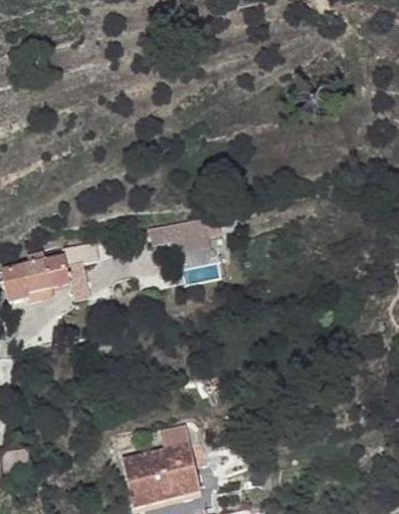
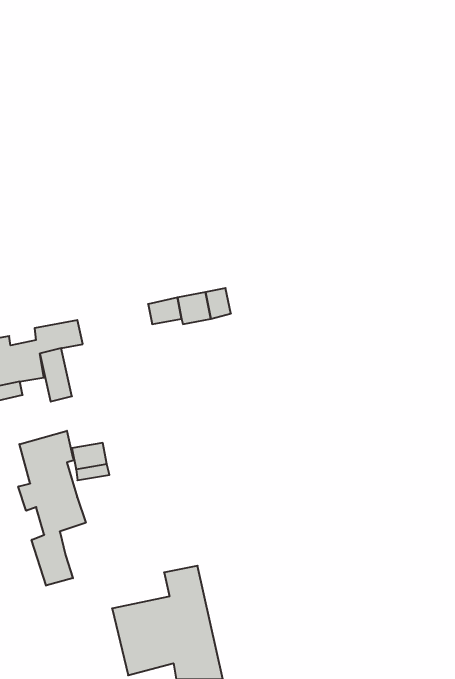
building: none -> [18,431,86,586]

